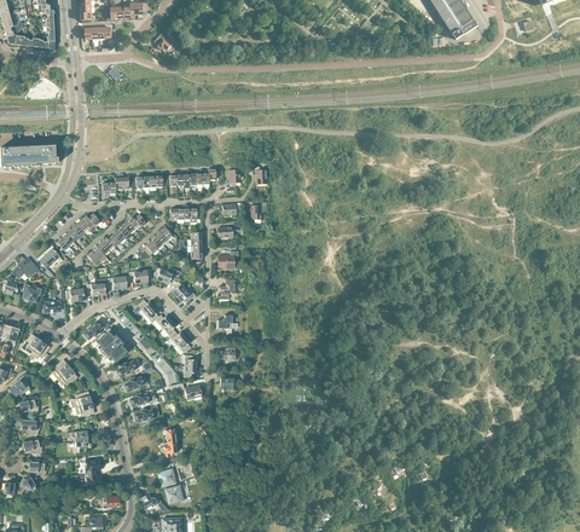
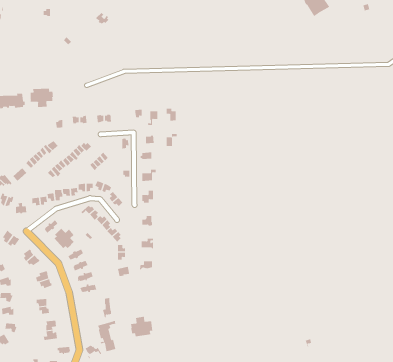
building: none -> [30,88,54,108]
building: none -> [130,316,153,337]

